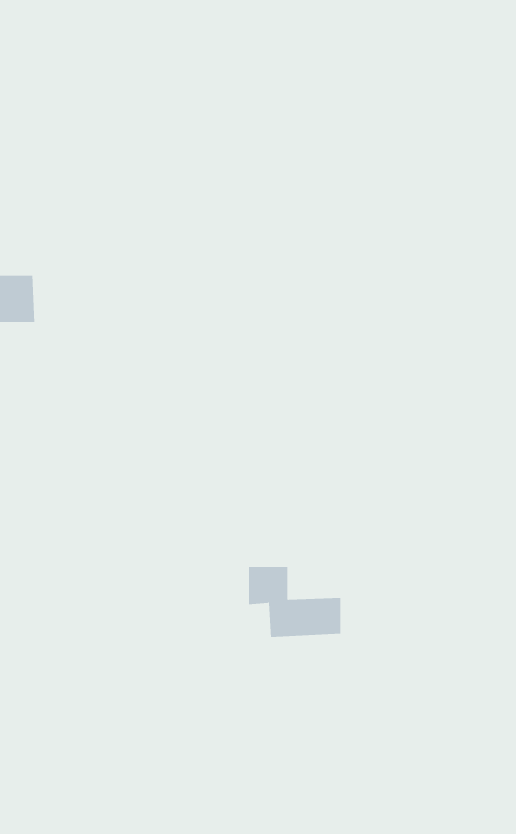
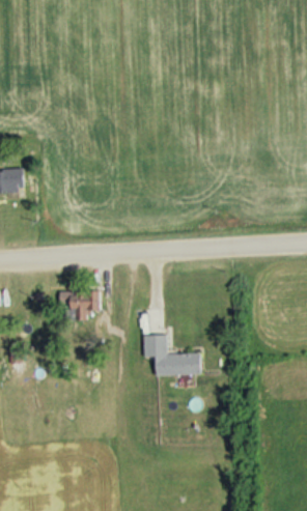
building: none -> [59,291,103,321]

